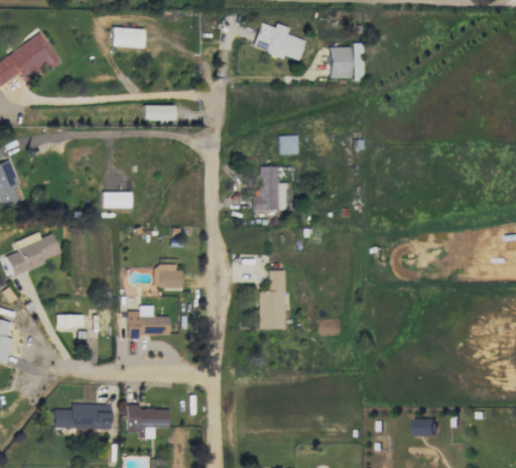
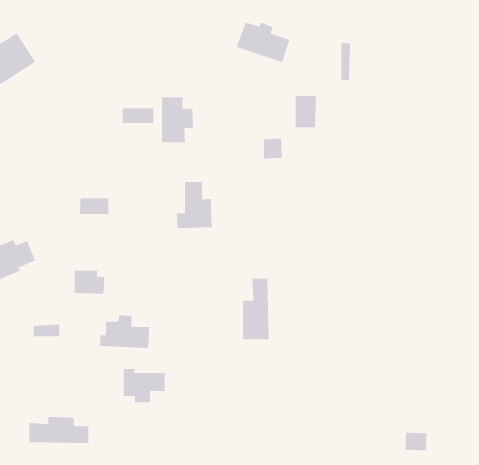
building: [112,27,144,47] -> none
building: [330,46,351,78] -> [295,96,317,128]
building: none -> [162,97,194,143]
building: [252,165,287,211] -> [176,181,212,228]
building: [153,264,183,287] -> [74,270,105,294]
building: [128,404,169,438] -> [123,368,166,403]

